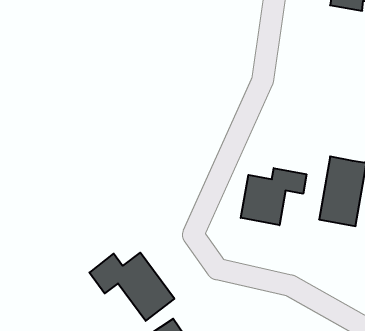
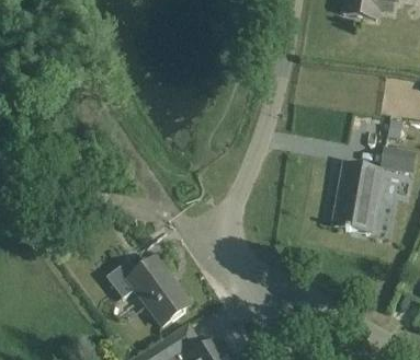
building: [241,168,306,225] -> none

